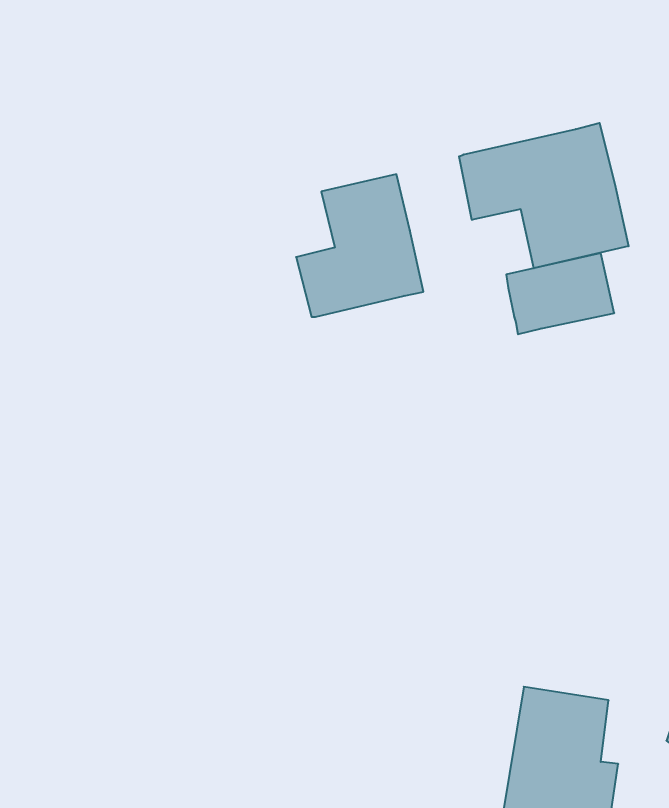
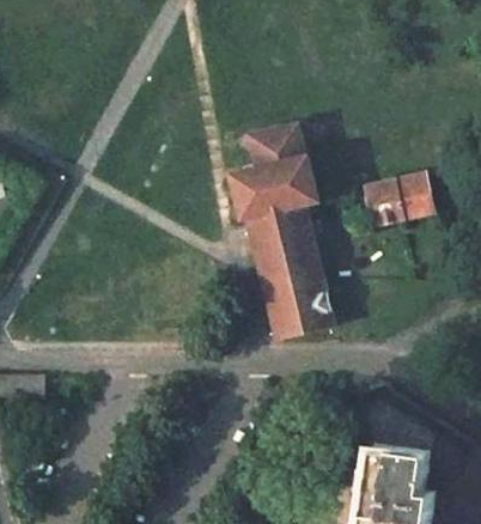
building: [459,123,629,268] -> none
building: none -> [246,200,331,336]

